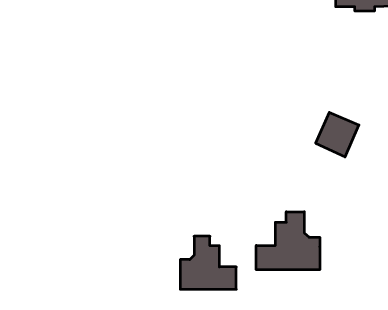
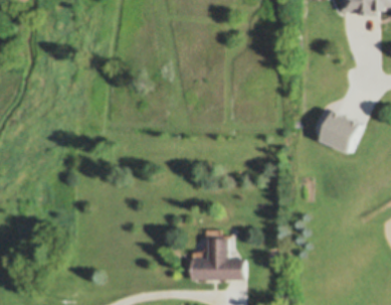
building: [256,212,320,270] -> none

